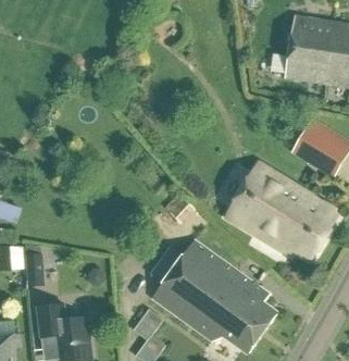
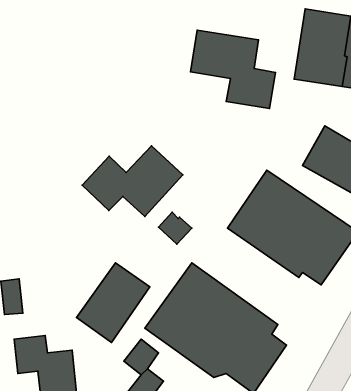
building: none -> [190,30,276,108]
building: none -> [82,146,183,216]
building: none -> [77,263,150,342]

